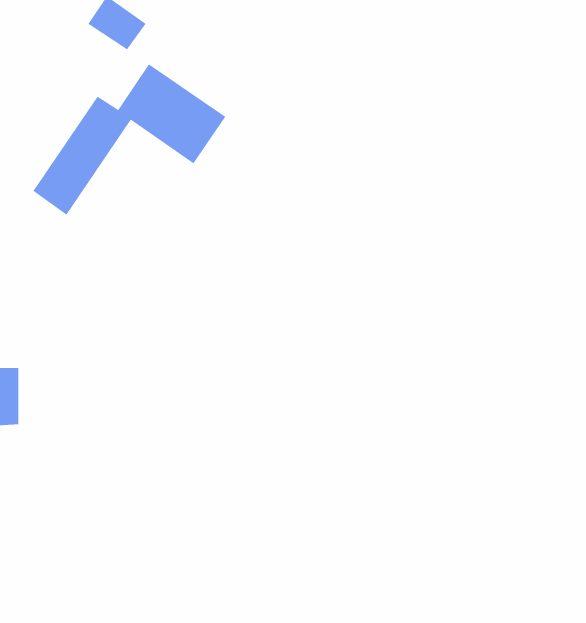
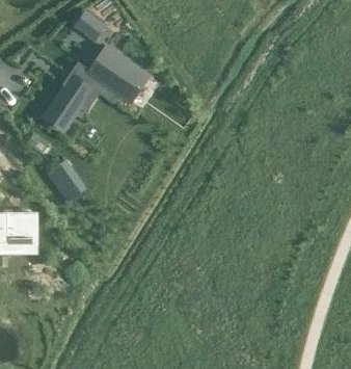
building: none -> [47,160,79,193]

